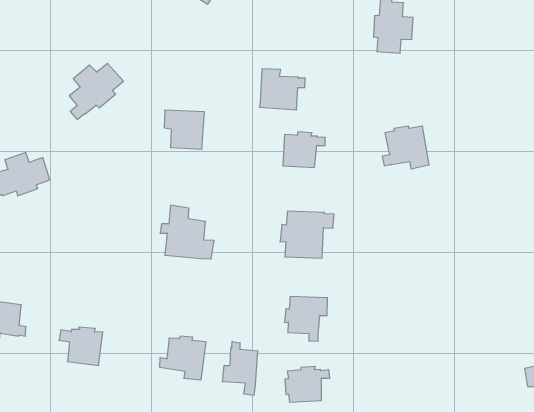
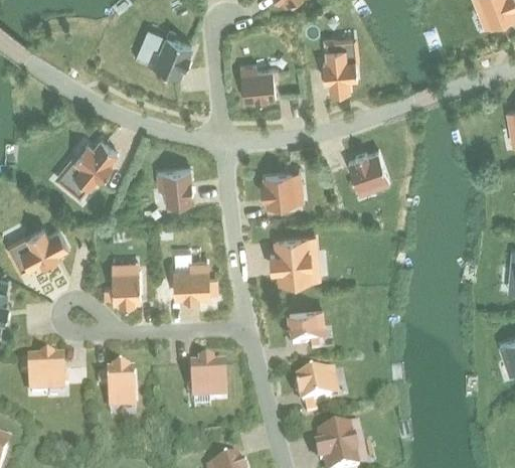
building: [259,69,305,110] -> [240,66,280,102]
building: none -> [104,273,141,304]
building: [223,341,258,395] -> none

